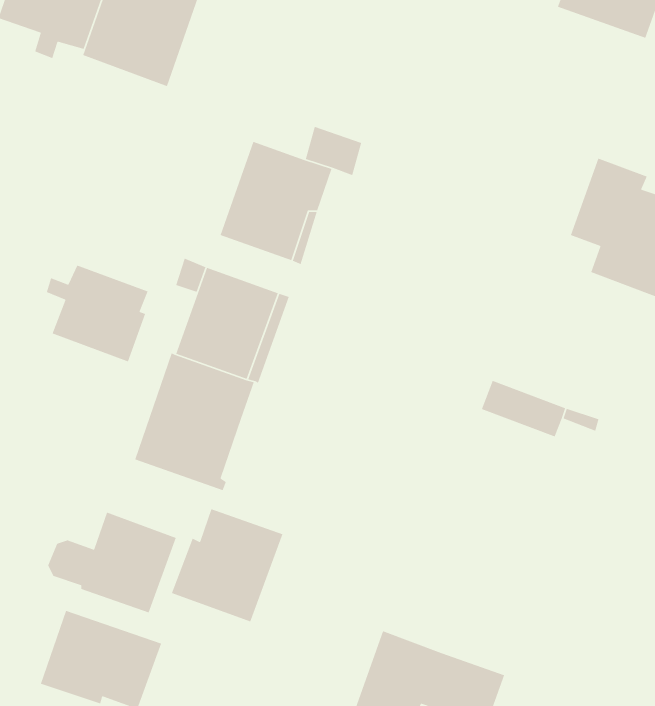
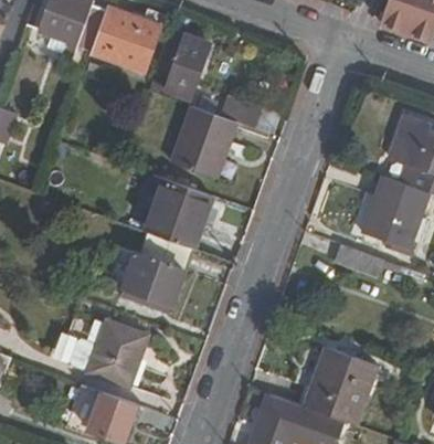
building: none -> [160,35,203,98]
building: [46,264,149,362] -> none
building: none -> [359,177,424,256]
building: [171,508,283,622] -> none
building: none -> [306,345,382,427]

